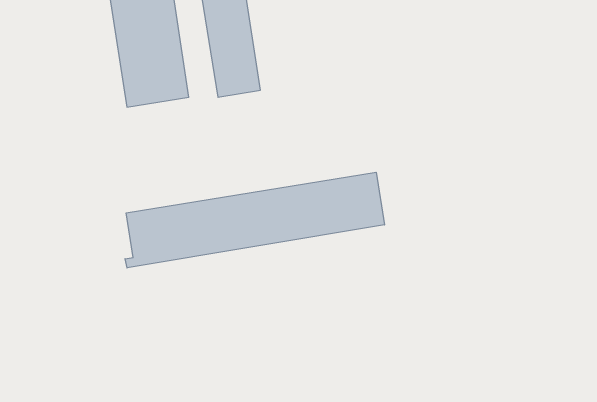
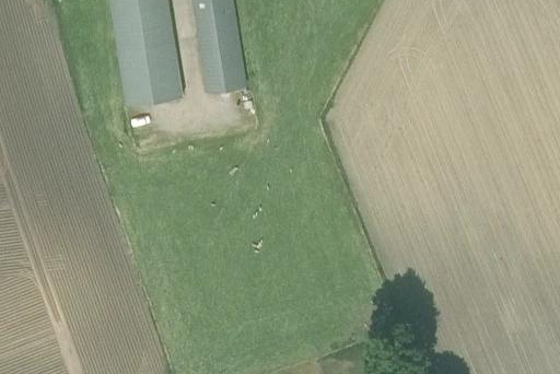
building: [125,172,384,268] -> none

